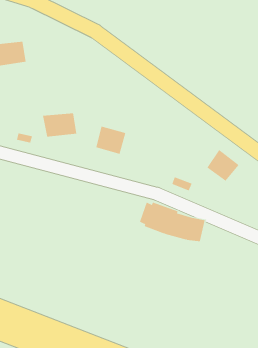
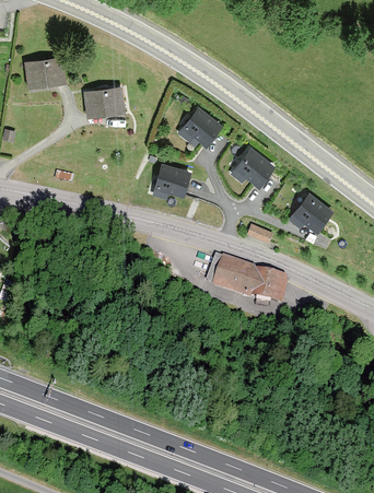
building: none -> [180,107,222,146]
building: [42,113,77,137] -> [82,86,126,117]
building: none -> [233,148,274,188]

